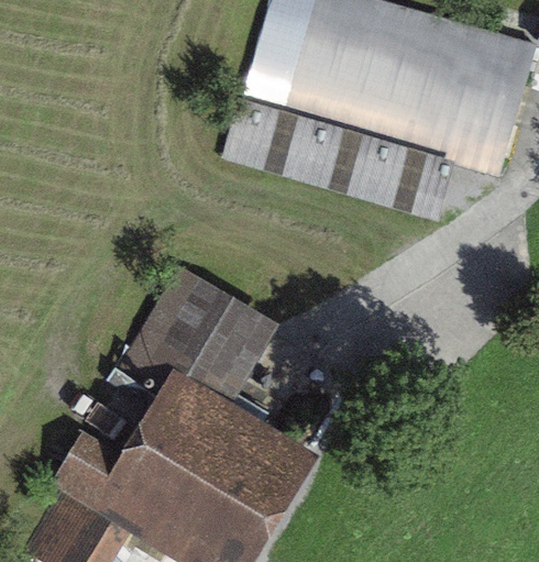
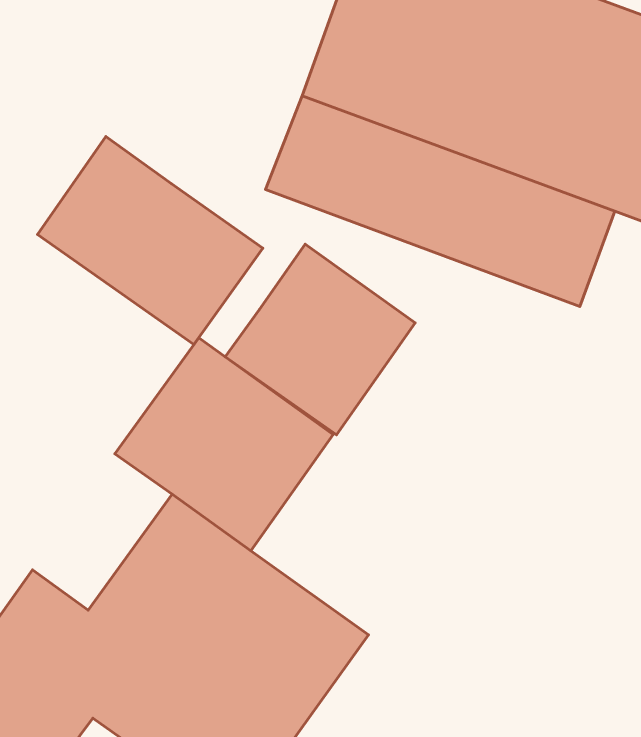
building: none -> [38,136,263,345]
building: none -> [225,244,415,435]

